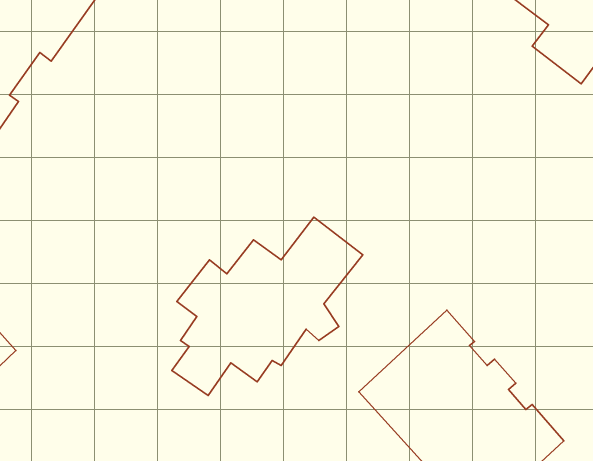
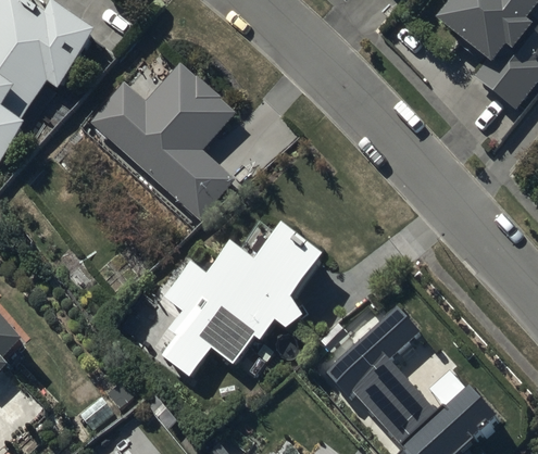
building: none -> [87,62,233,217]

